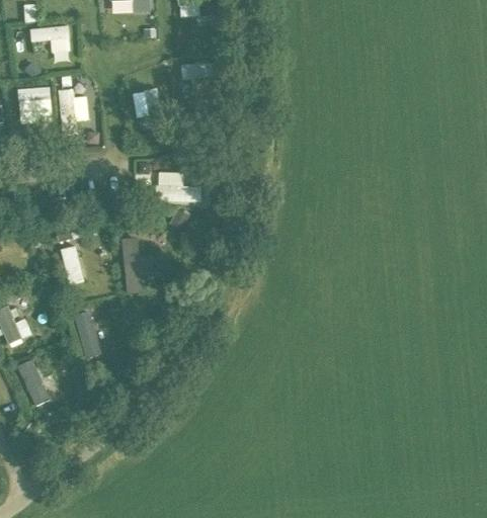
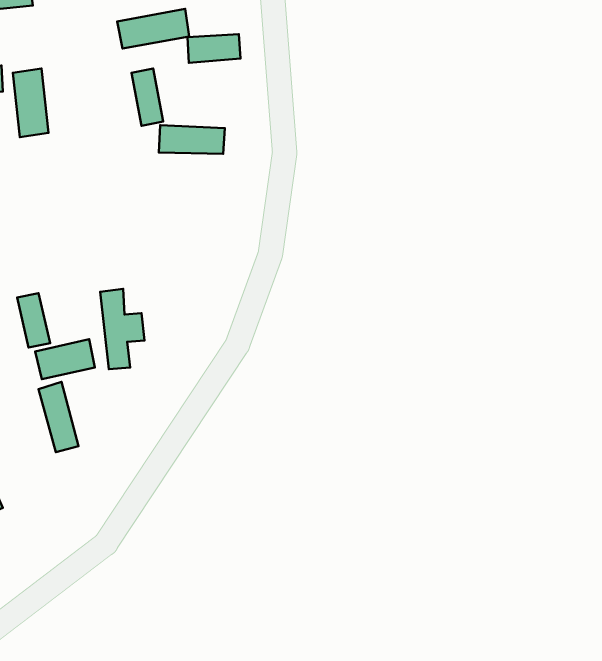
building: none -> [117,9,189,49]
building: [155,179,201,199] -> [159,125,225,154]
building: none -> [35,339,95,379]

